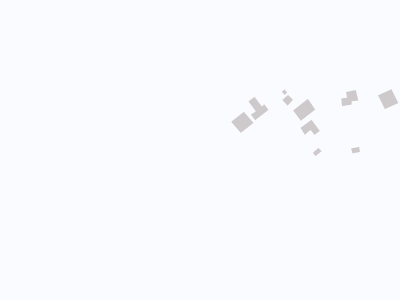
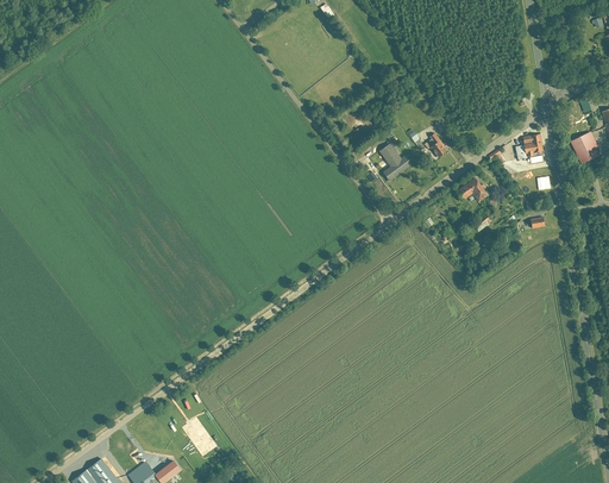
building: [292,98,316,122] -> none
building: [230,111,254,134] -> none

